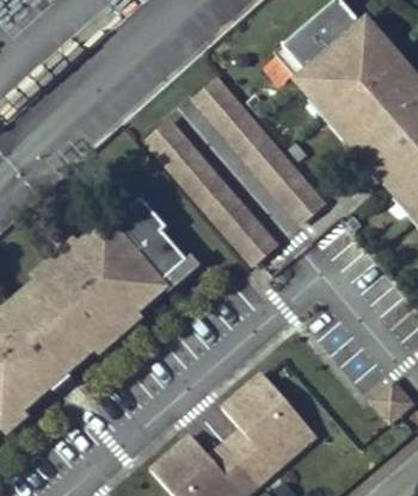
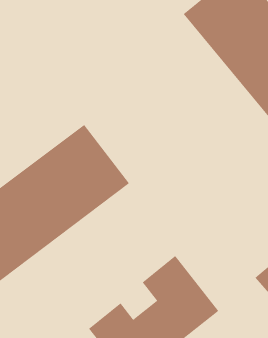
building: [191,76,328,226] -> none
building: [142,120,281,267] -> none

